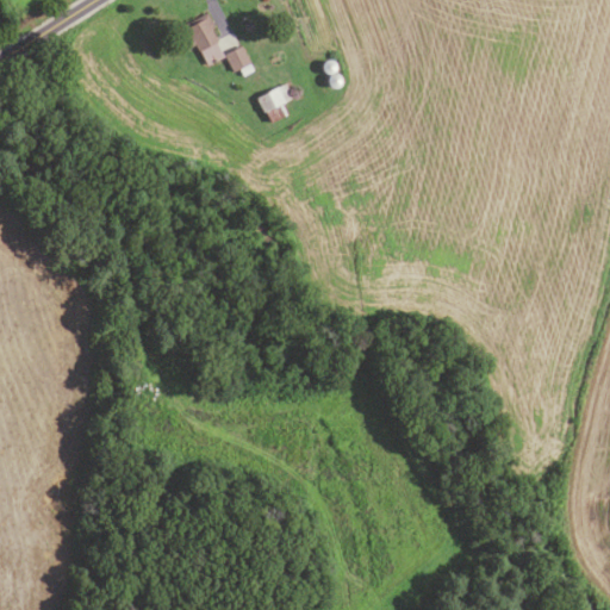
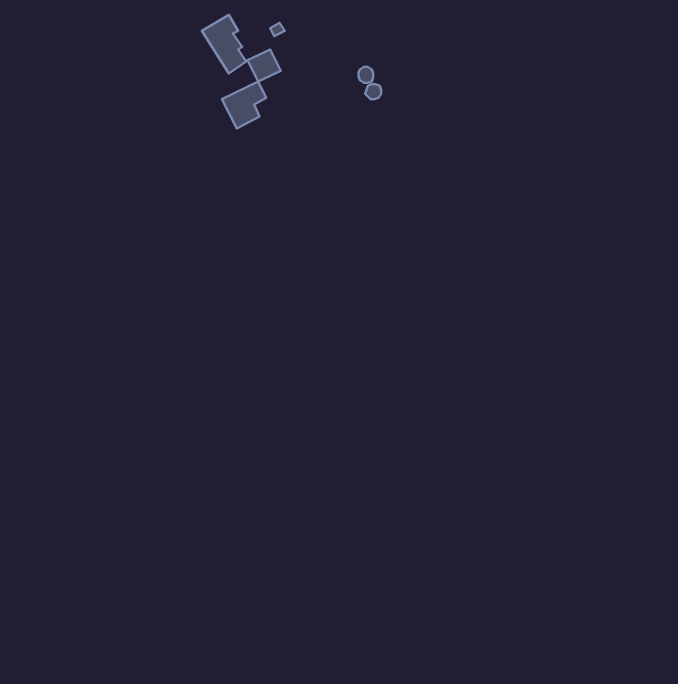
building: [255,83,294,125] -> [222,82,266,129]

